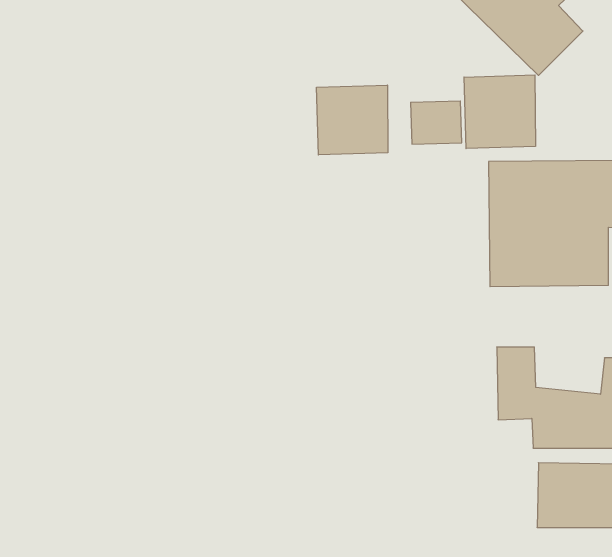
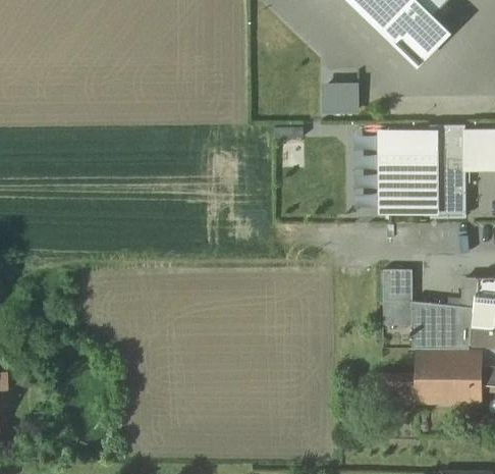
building: [464,75,535,149] -> none
building: [317,85,388,155] -> none

